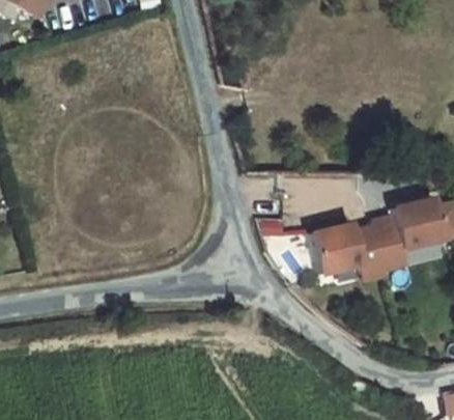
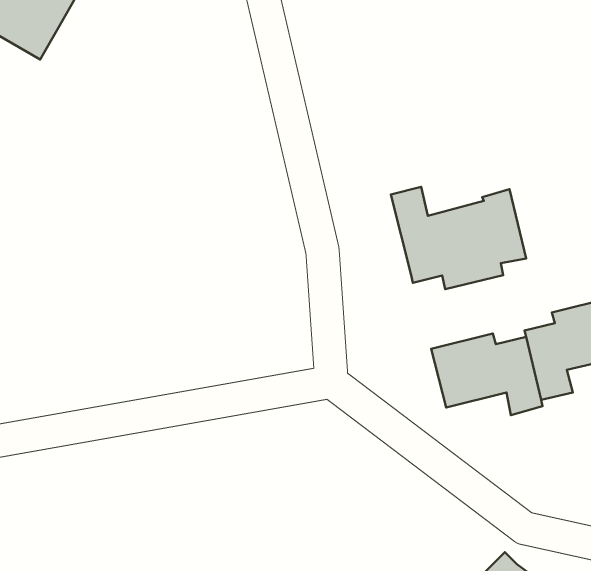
building: none -> [391,187,526,289]

